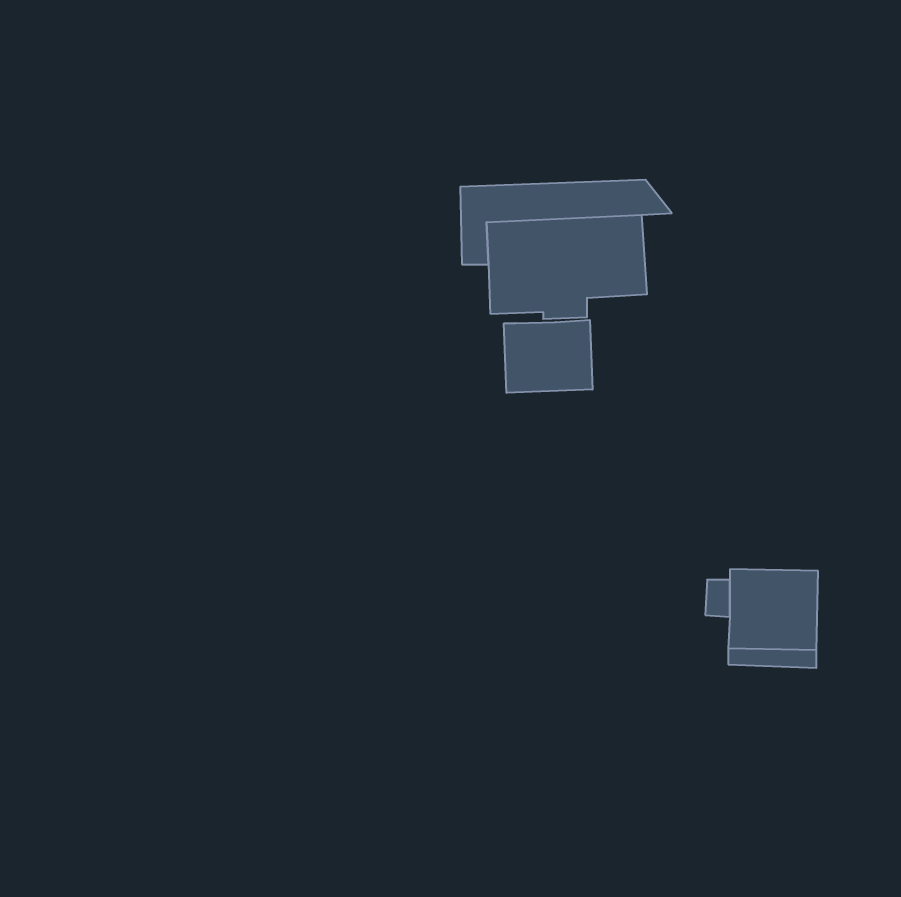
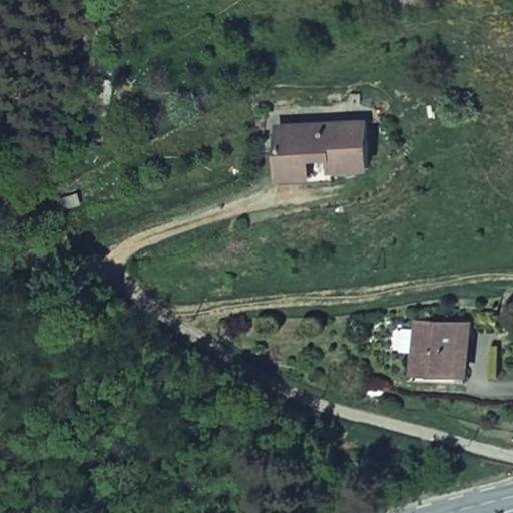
building: [504,320,592,393] -> none

